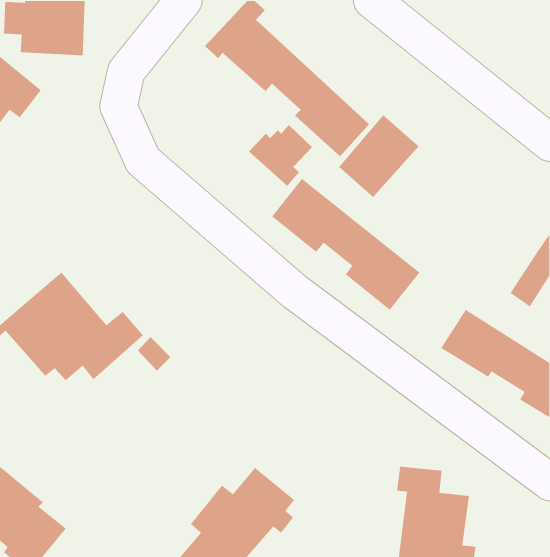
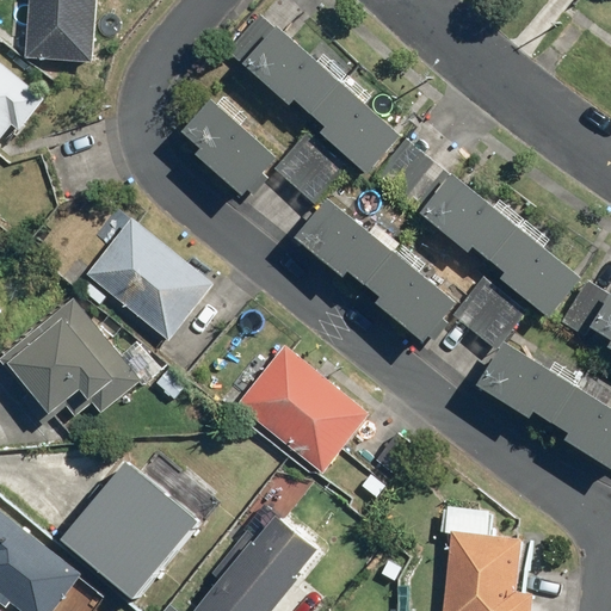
building: none -> [184,97,278,199]
building: none -> [421,173,580,317]
building: none -> [82,218,208,340]
building: none -> [449,276,519,351]
building: none -> [229,344,369,479]
building: none -> [61,452,214,599]

